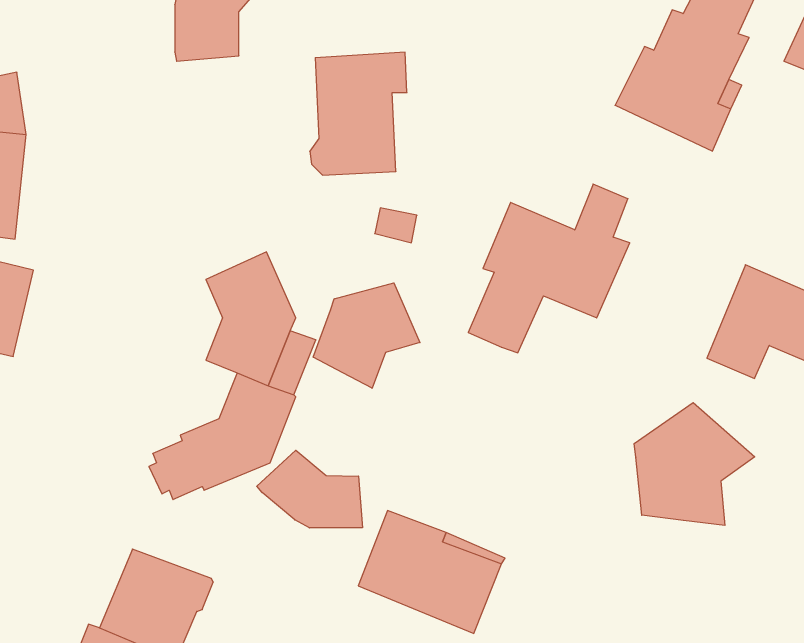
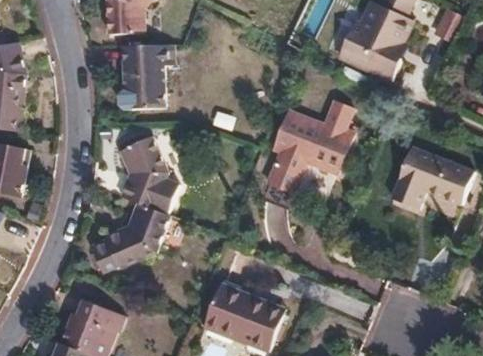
building: [310,52,407,175] -> [117,43,170,110]
building: [313,283,420,388] -> none
building: [634,403,755,525] -> none
building: [257,450,362,528] -> none

